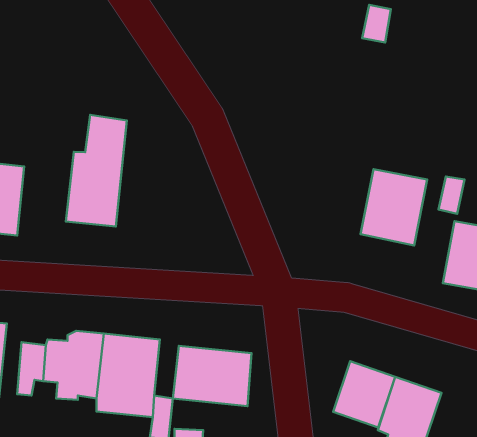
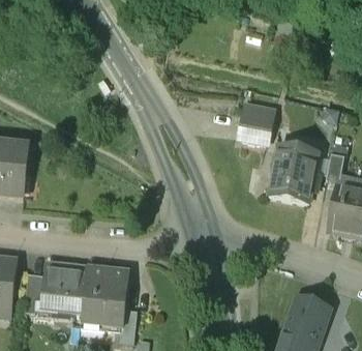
building: [66,115,127,226] -> none
building: none -> [243,113,271,144]
building: [173,346,252,406] -> none
building: [333,361,395,427] -> none

